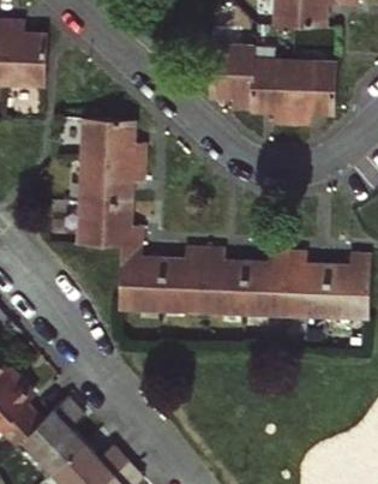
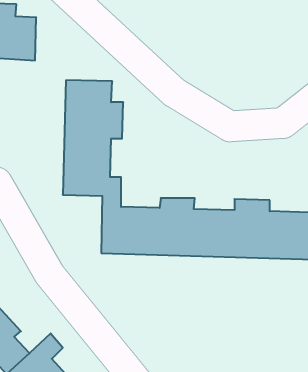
building: [209,48,331,127] -> none

